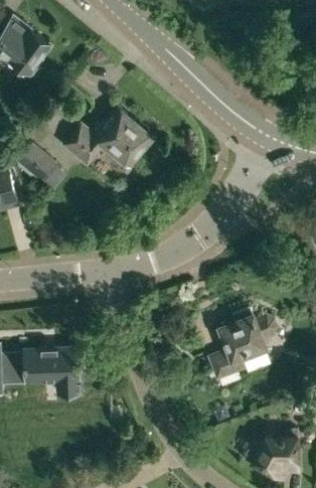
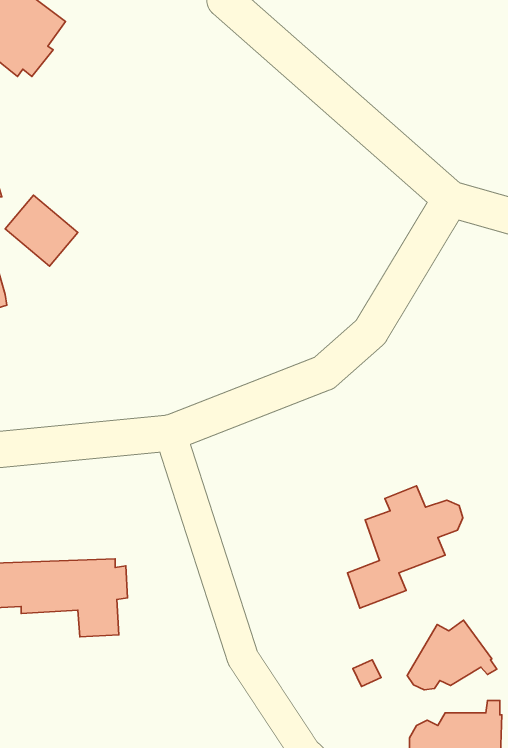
building: [66,108,155,168] -> none
building: none -> [407,620,497,690]

